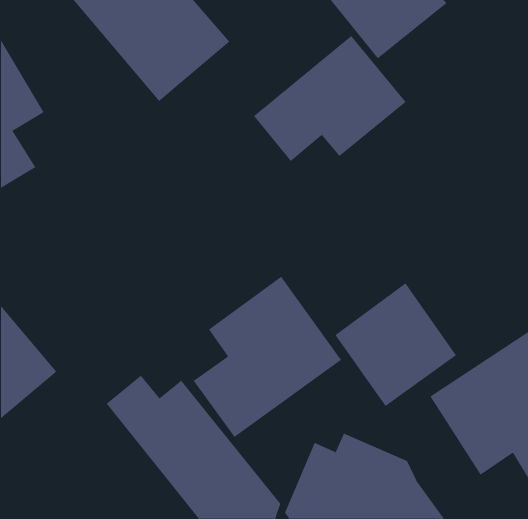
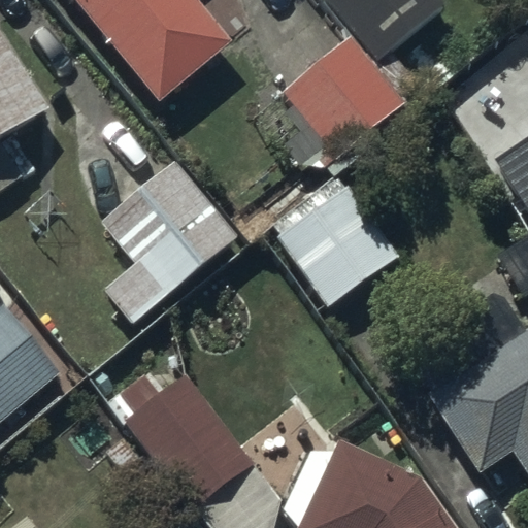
building: none -> [101,159,239,325]
building: [193,276,342,438] -> none
building: [334,282,457,407] -> [276,182,398,305]

